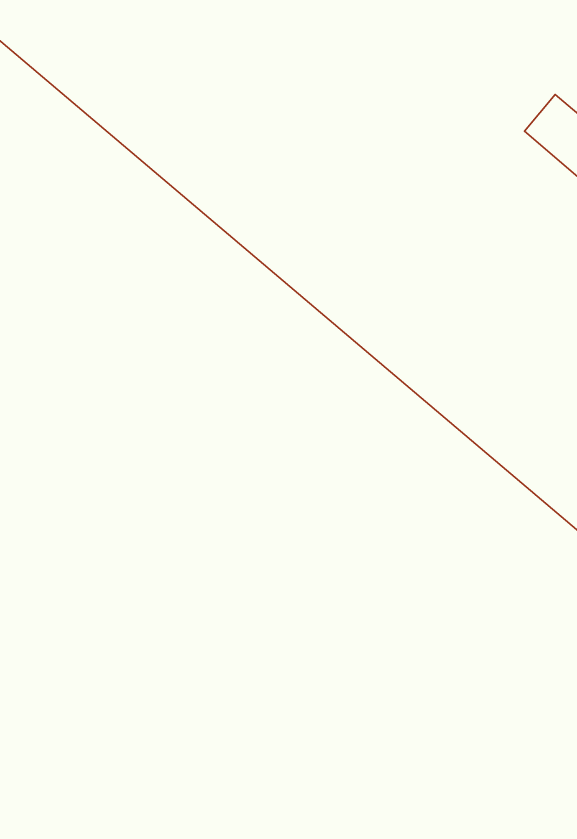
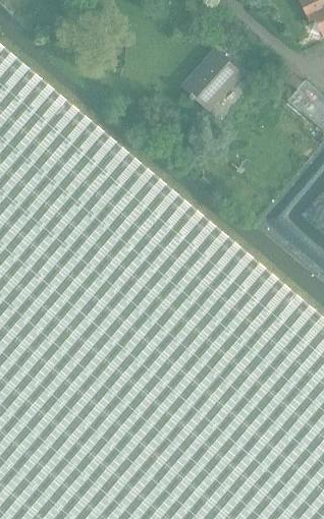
building: none -> [180,50,240,114]

